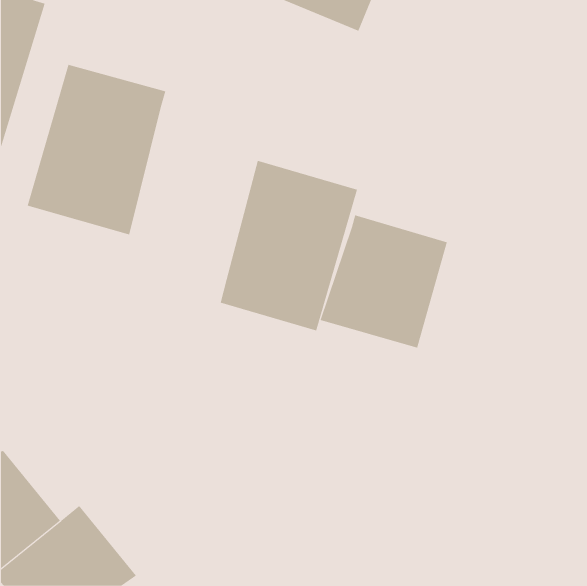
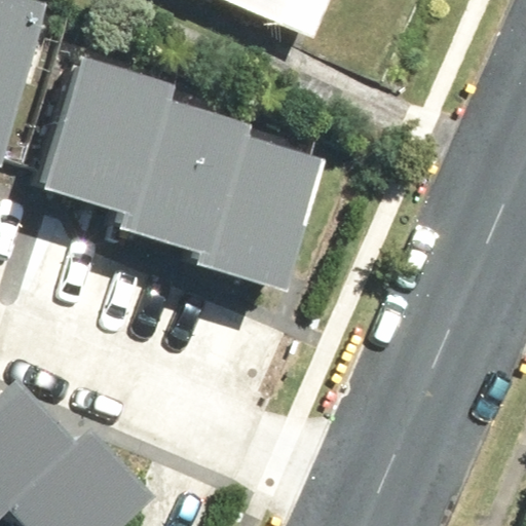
building: none -> [119,95,241,246]
building: [320,214,448,349] -> none

